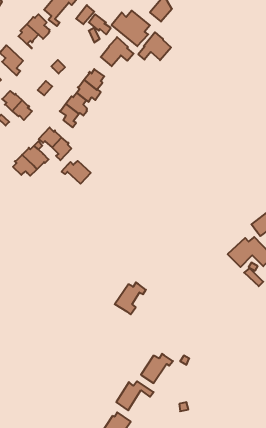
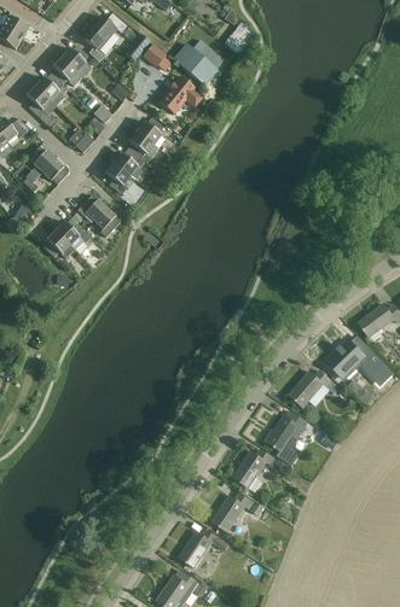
building: [138,32,171,60] -> none
building: none -> [34,74,66,106]
building: [62,161,91,184] -> none
building: none -> [289,370,338,407]
building: [115,282,146,314] -> [233,449,274,491]
building: none -> [267,410,308,465]

